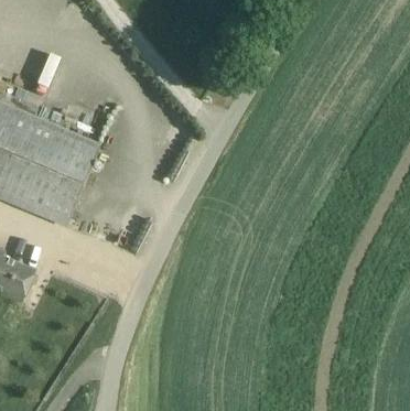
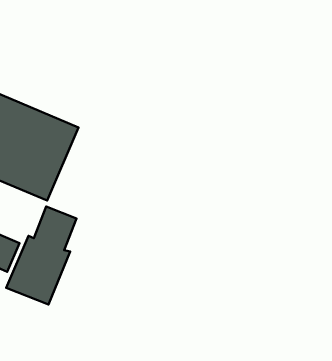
building: none -> [6,207,77,304]

